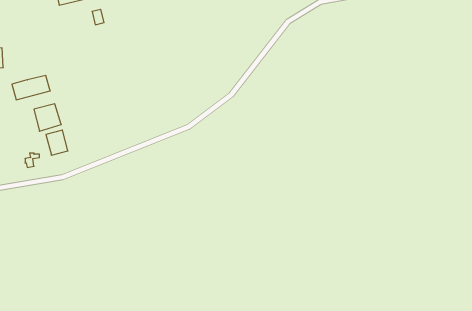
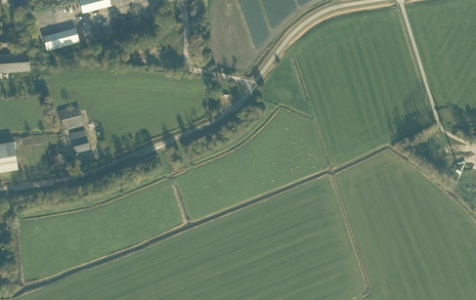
building: [12,76,50,100] -> [42,28,78,50]

